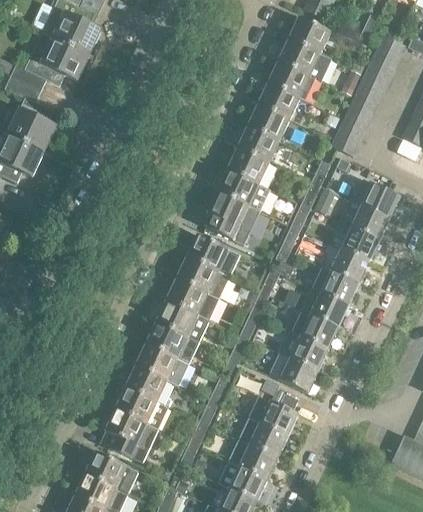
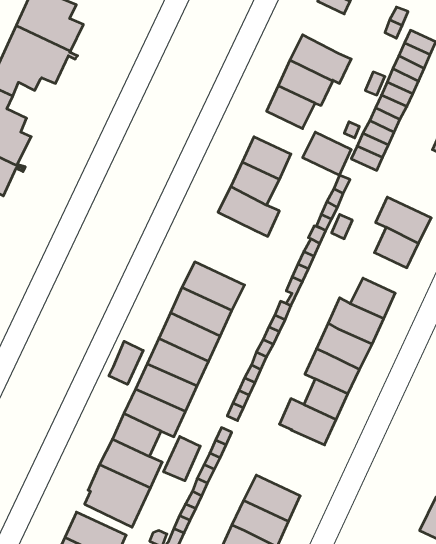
building: [289,18,331,55] -> none
building: [247,105,289,142] -> [303,132,351,175]
building: [205,192,259,246] -> none
building: [341,227,379,262] -> none
building: none -> [109,341,143,384]
building: none -> [164,436,200,481]
building: [249,390,298,437] -> none

